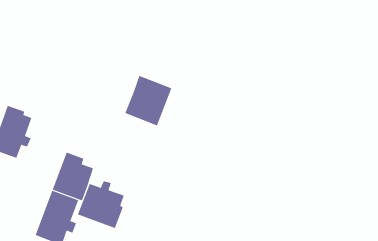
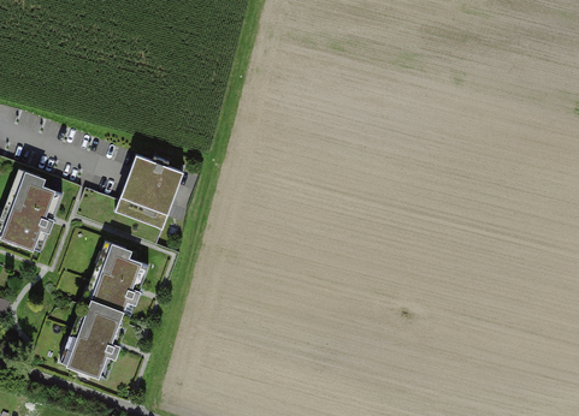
building: [124,75,172,126] -> [116,153,187,228]
building: [77,180,124,229] -> none

